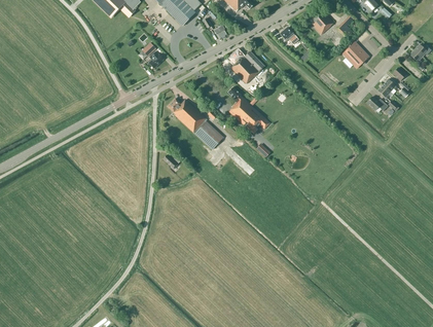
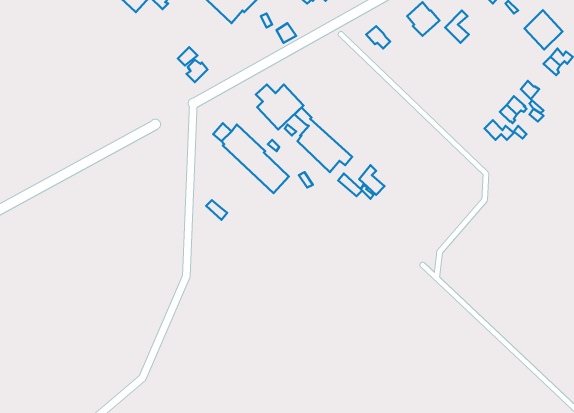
building: [341,40,369,69] -> [525,10,563,50]
building: [229,50,264,83] -> [256,85,303,130]

